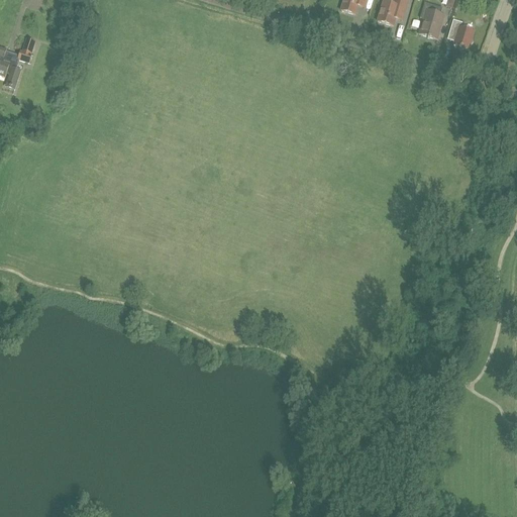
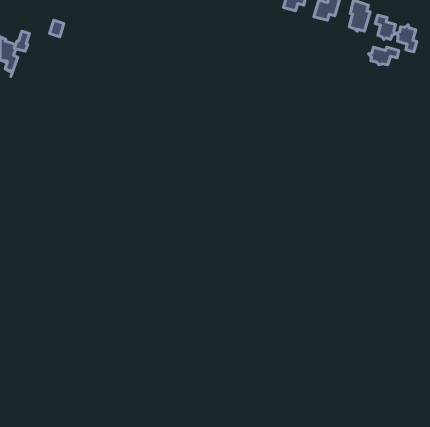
building: none -> [397,25,417,52]
building: none -> [368,47,399,65]

